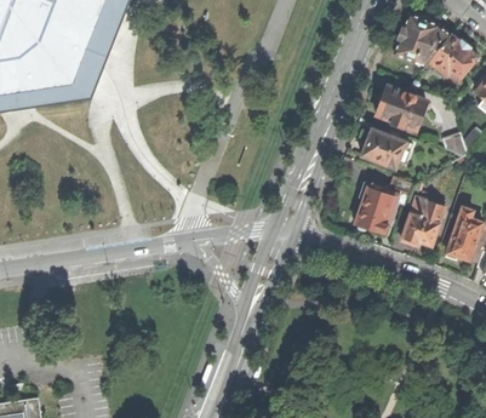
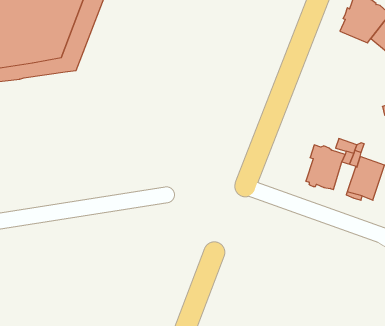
building: [374,85,425,128] -> none
building: [360,127,408,167] -> none

